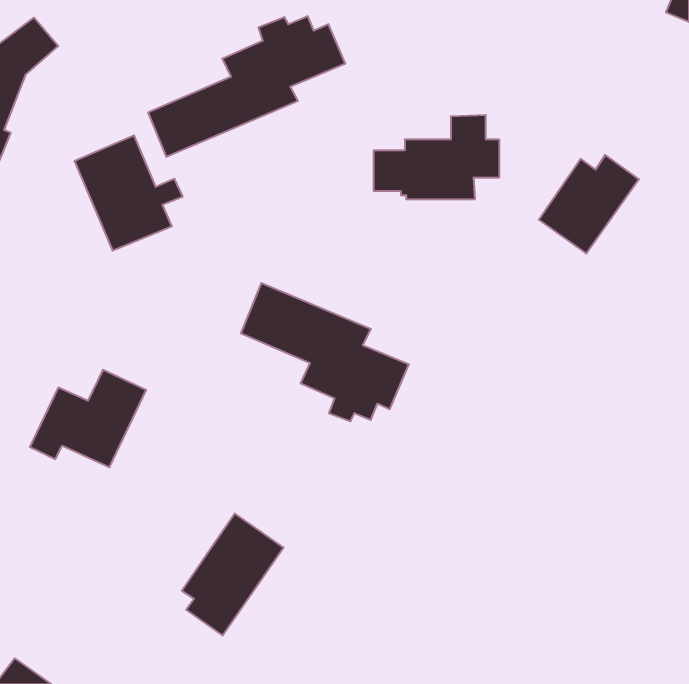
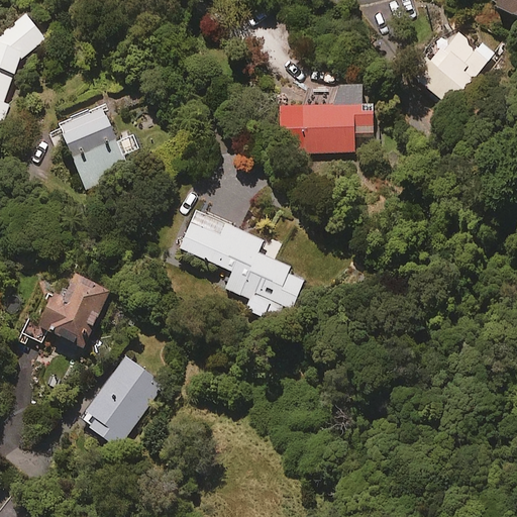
building: [148,16,345,157] -> none
building: [539,155,639,254] -> [416,31,491,105]
building: [182,514,284,636] -> [86,356,162,447]

